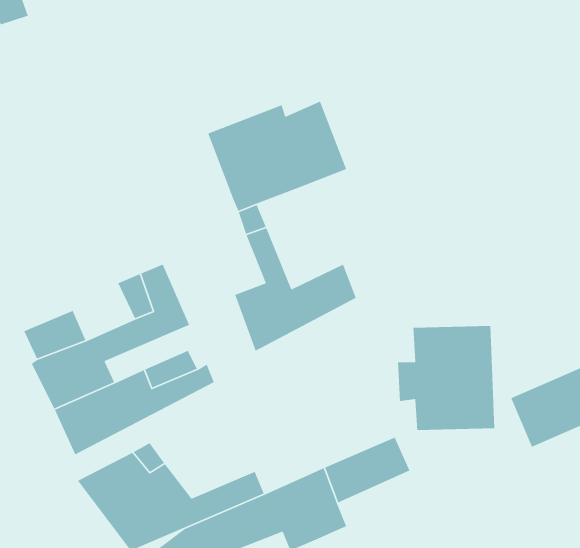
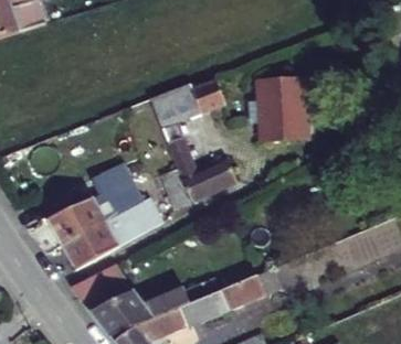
building: [397,325,495,431] -> [251,83,307,143]

